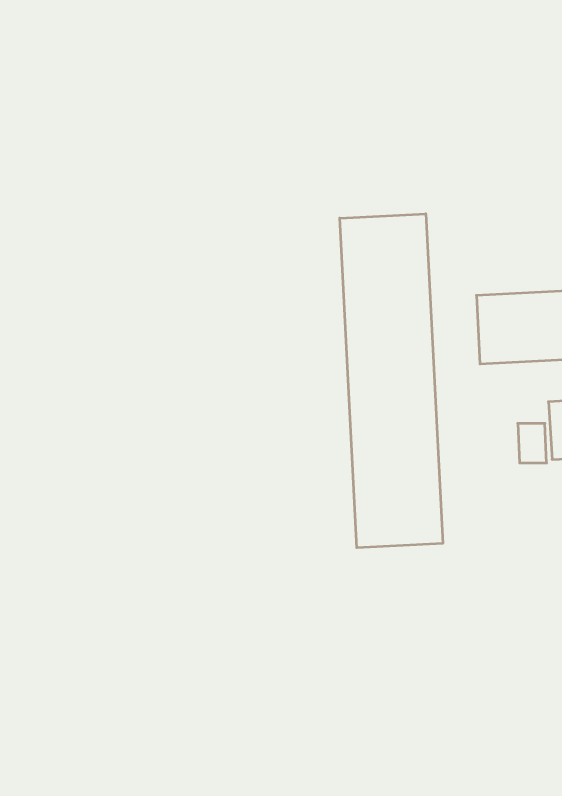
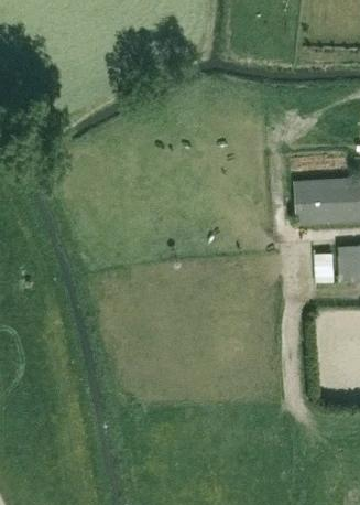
building: [340,214,443,548] -> none

